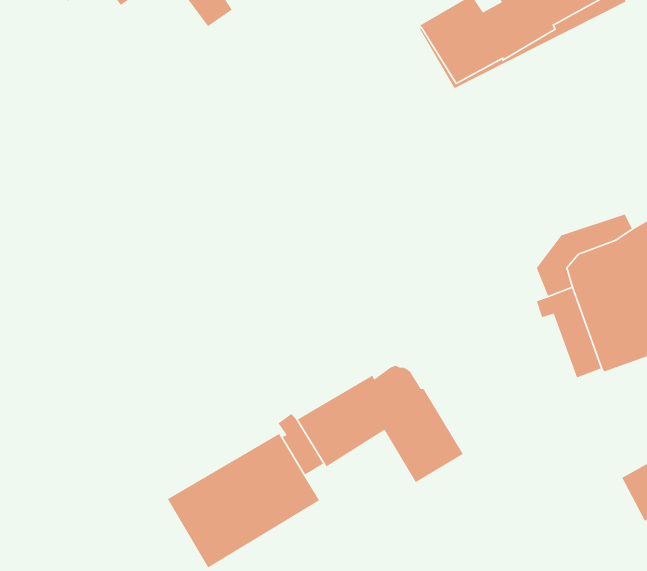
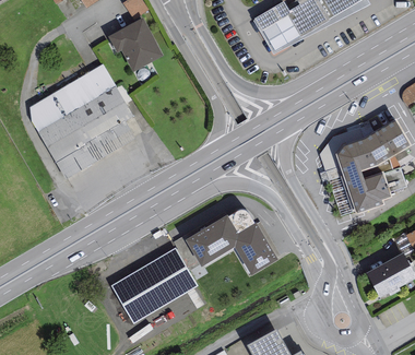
building: none -> [108,16,164,71]
building: none -> [29,62,135,179]

